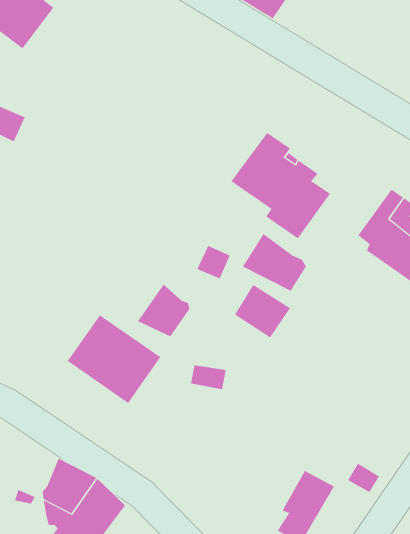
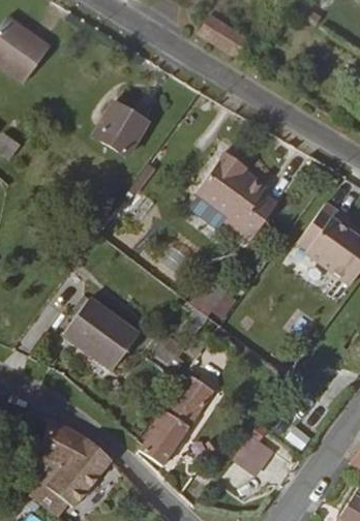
building: none -> [92,103,145,156]
building: [242,233,306,291] -> none
building: [137,284,190,337] -> none
building: none -> [136,373,215,466]

